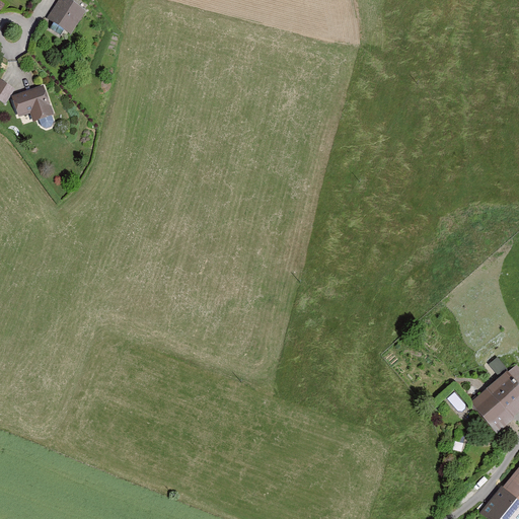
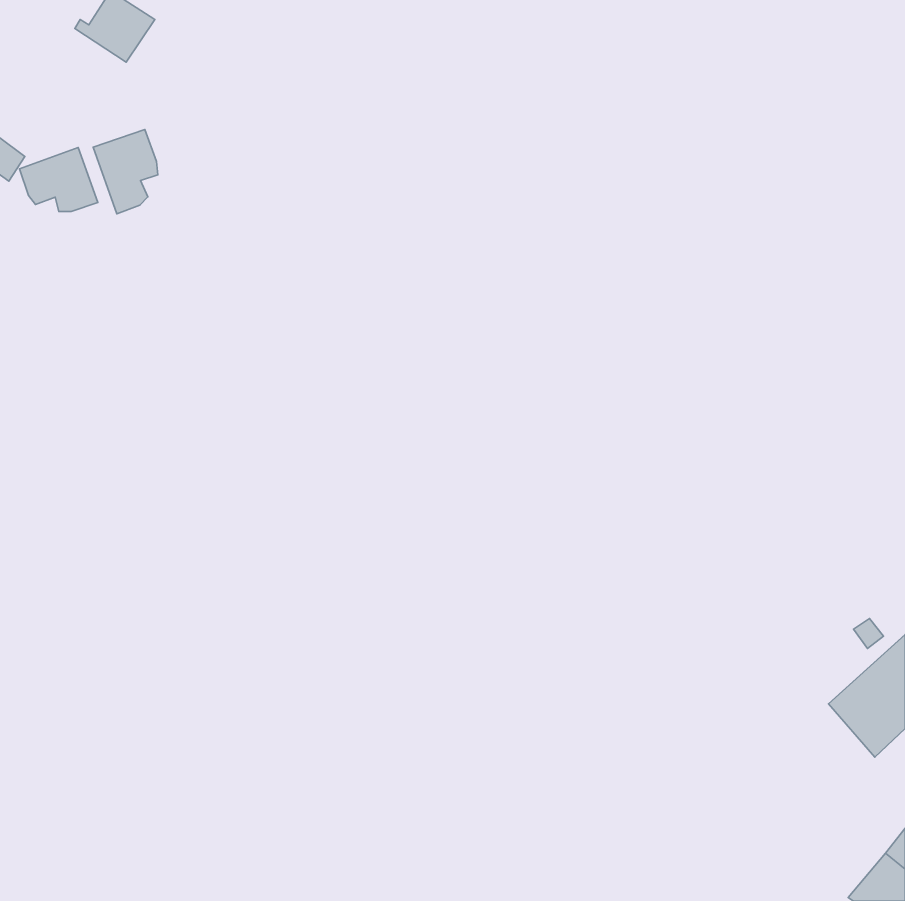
building: none -> [93,129,158,214]

